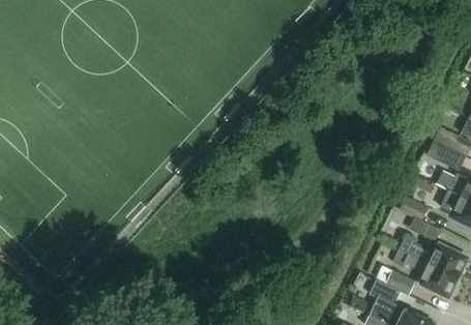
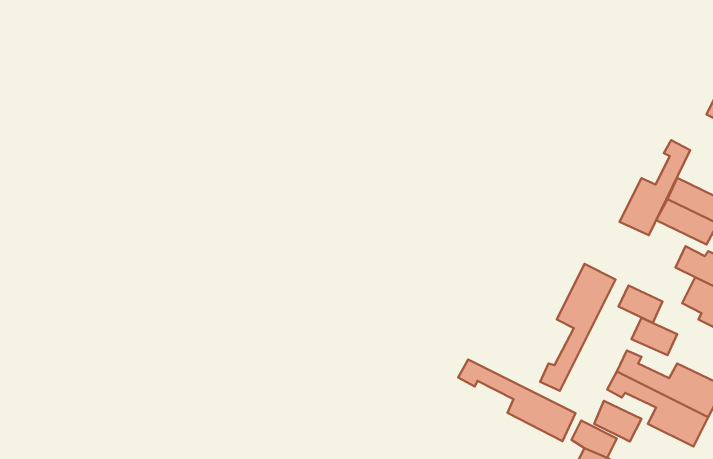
building: none -> [620,140,690,235]
building: none -> [540,264,616,391]
building: none -> [458,359,576,441]

